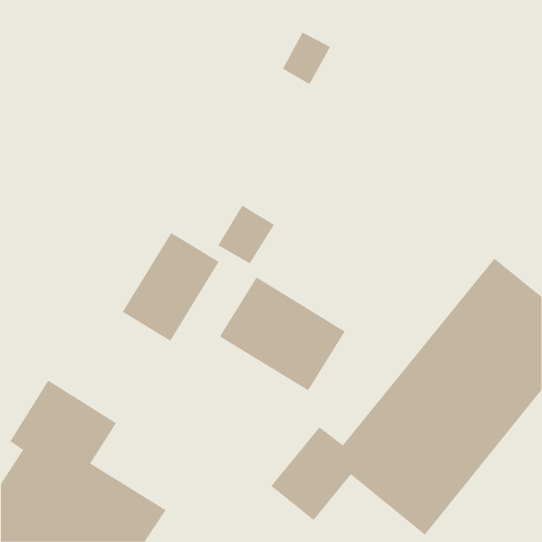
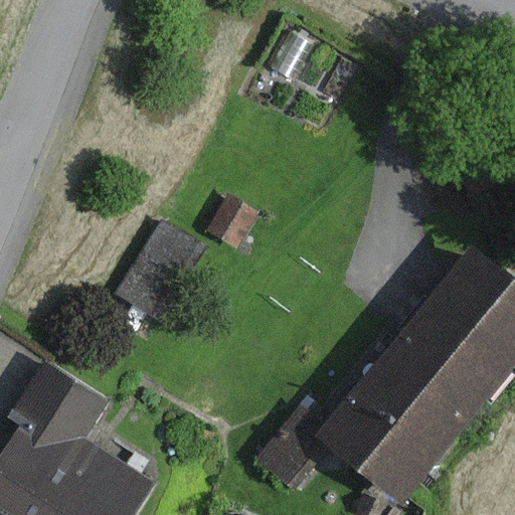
building: [219,276,345,391] -> none

